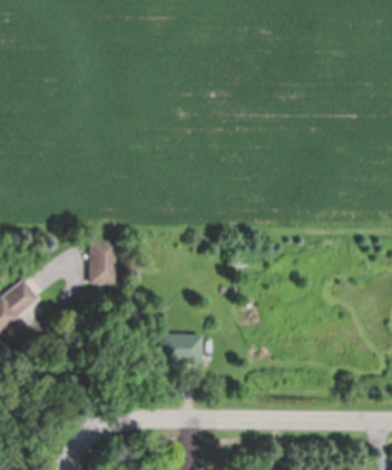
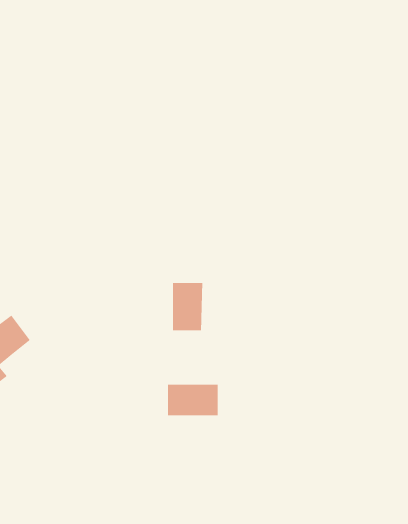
building: [89,241,116,283] -> [172,282,203,331]

